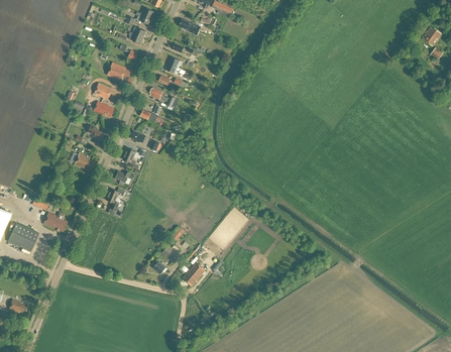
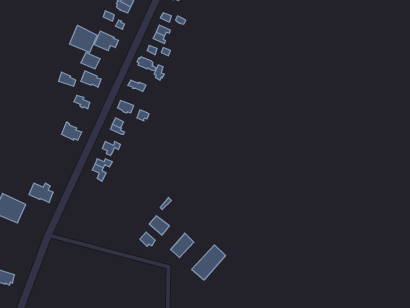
building: none -> [69,25,97,53]
building: none -> [192,245,226,280]

